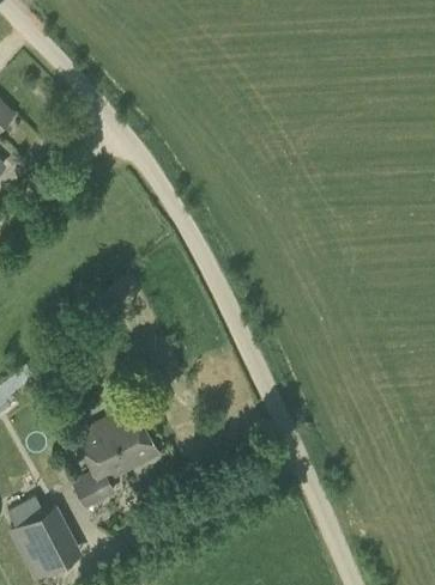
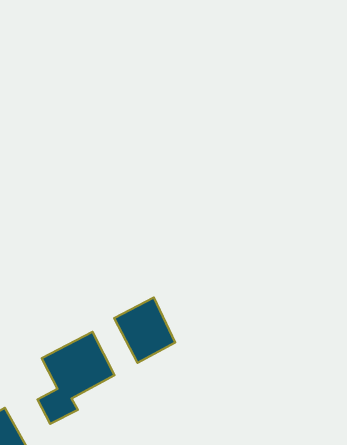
building: none -> [114,298,175,363]

